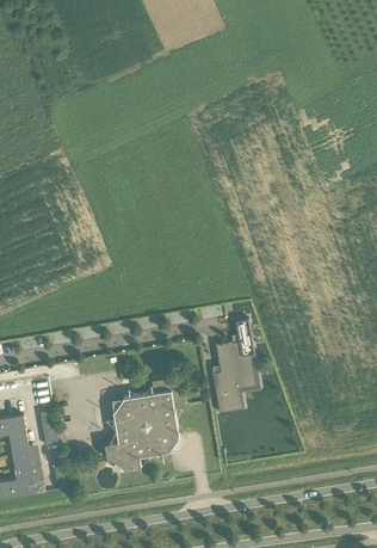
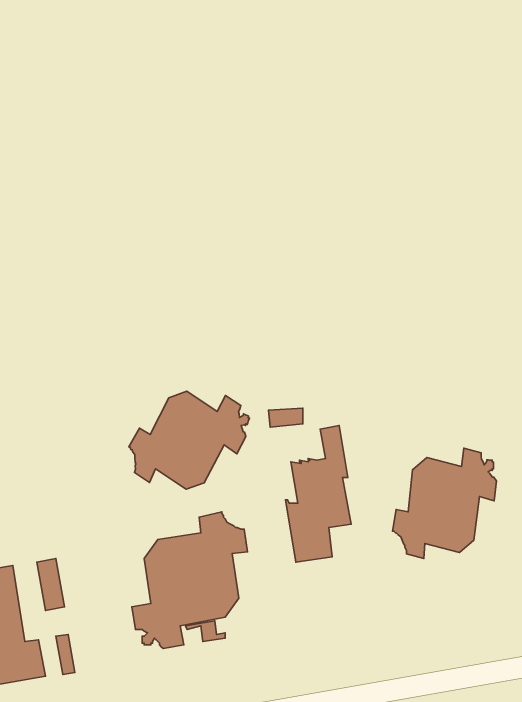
building: none -> [129,391,249,489]
building: none -> [393,448,496,559]

